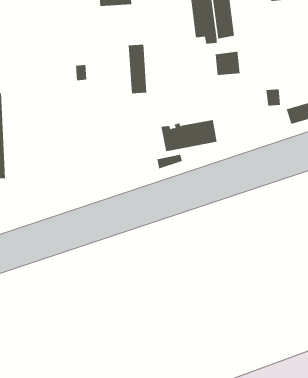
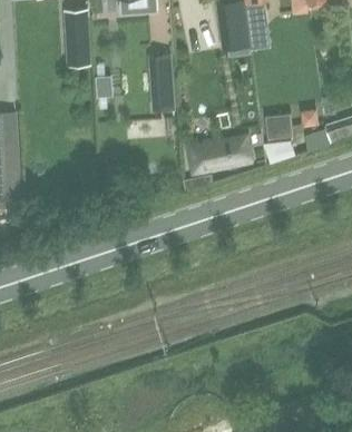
building: none -> [65,12,87,66]
building: [215,51,240,76] -> [264,114,292,140]

